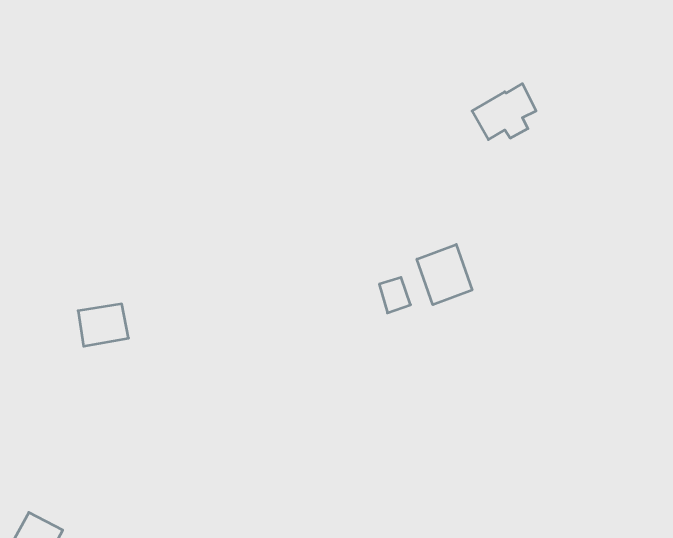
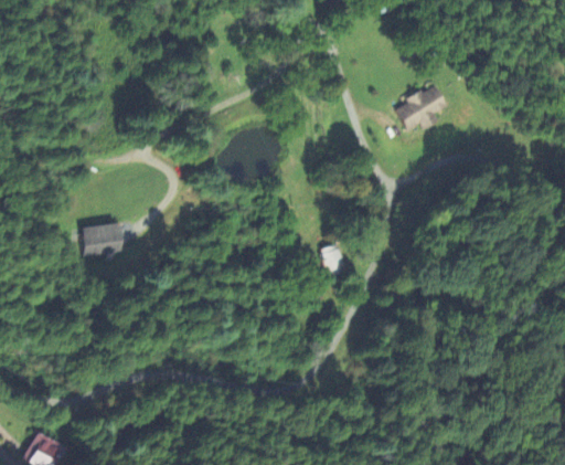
building: [417,244,472,305] -> none
building: [78,304,129,346] -> [82,221,122,255]

